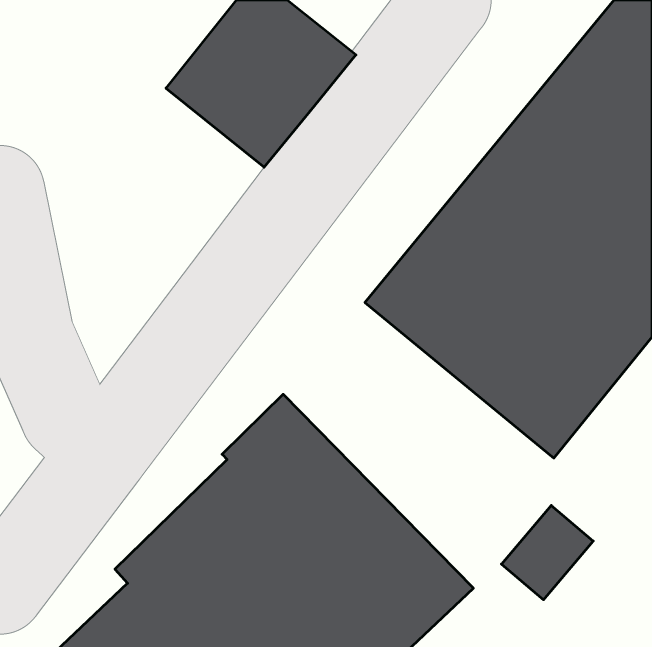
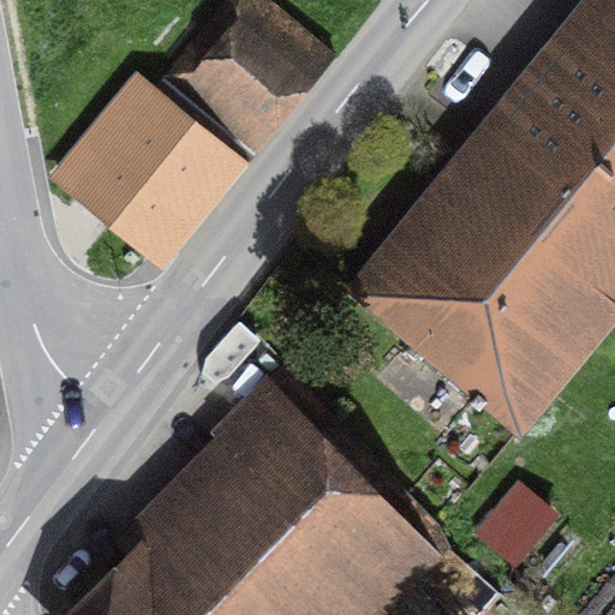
building: none -> [67,72,249,269]

